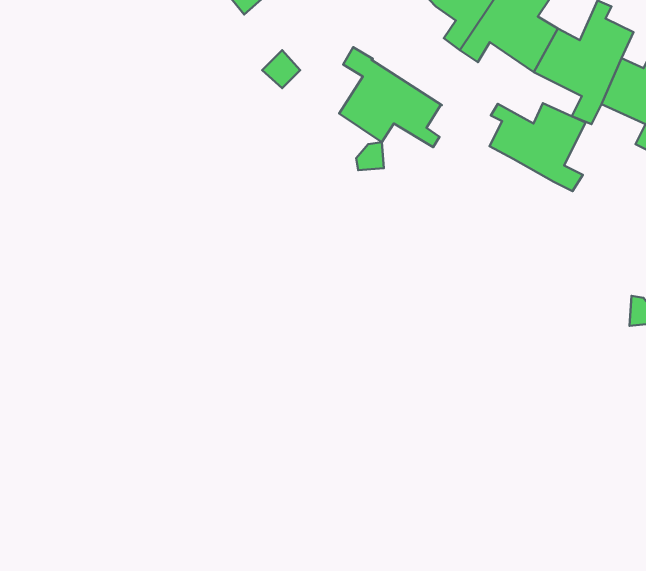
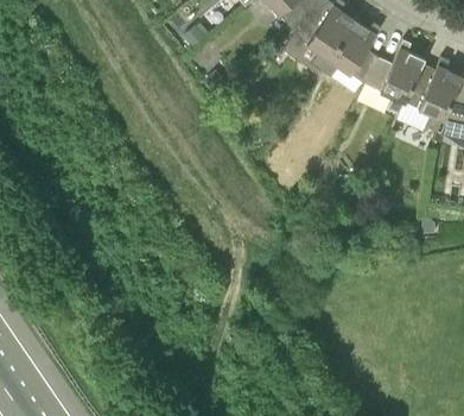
building: [339,47,442,147] -> none
building: [490,103,586,191] -> none

